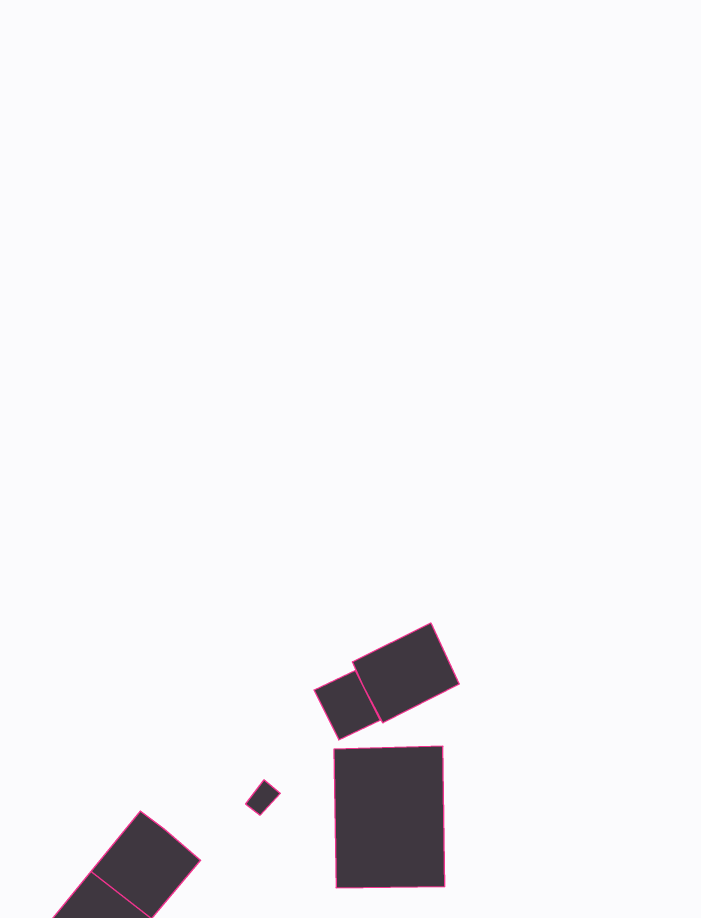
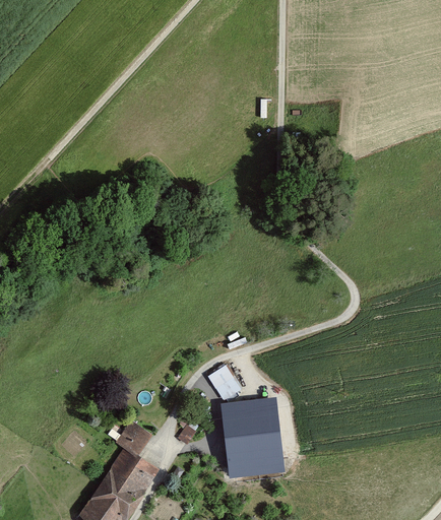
building: [353,623,459,723] -> none
building: none -> [116,421,151,456]

